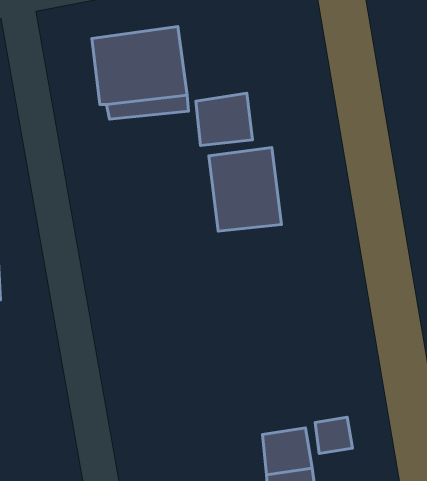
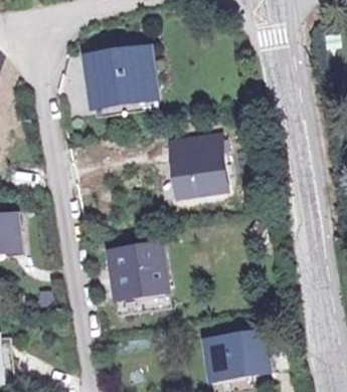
building: [196,93,253,145] -> none
building: none -> [111,243,165,295]

